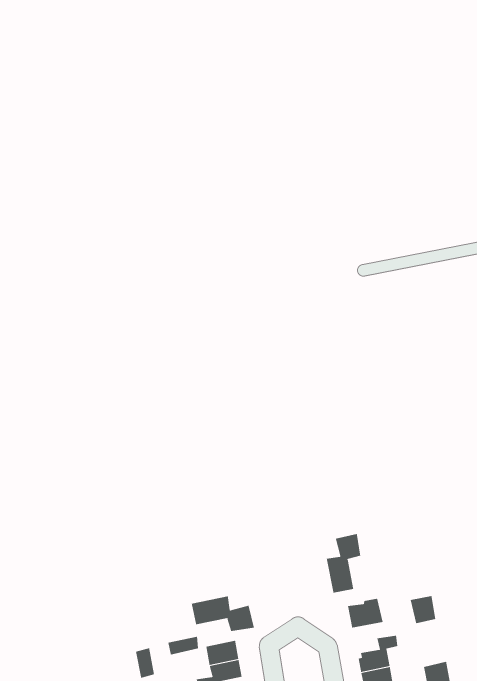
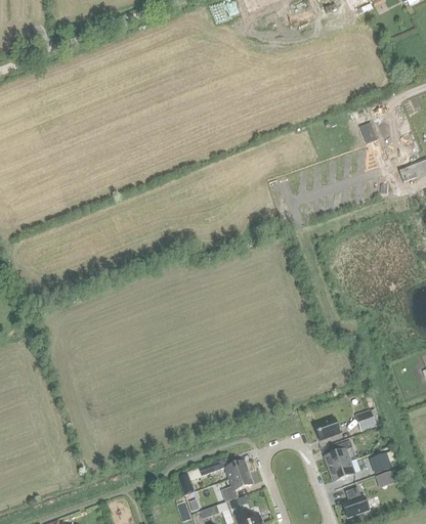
building: [326,533,361,594] -> none
building: [191,596,255,632] -> none

